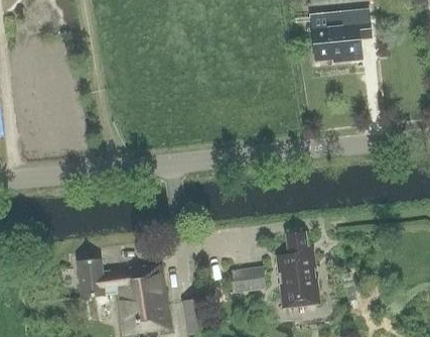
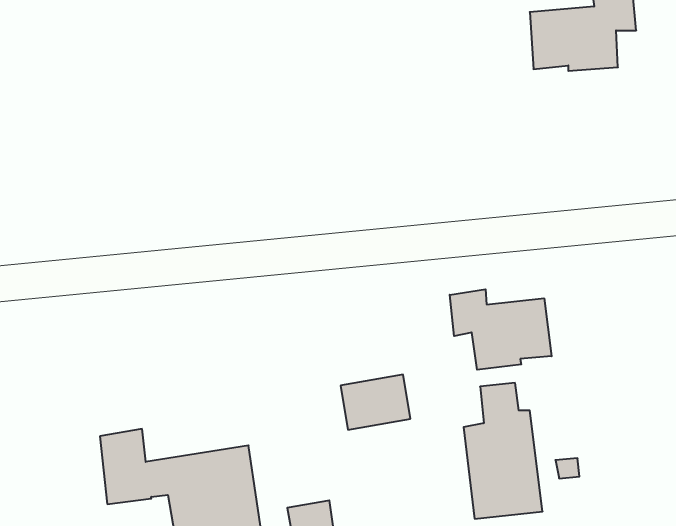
building: none -> [450,289,552,370]
building: [227,263,265,294] -> [341,375,410,430]

